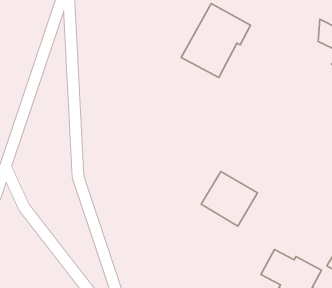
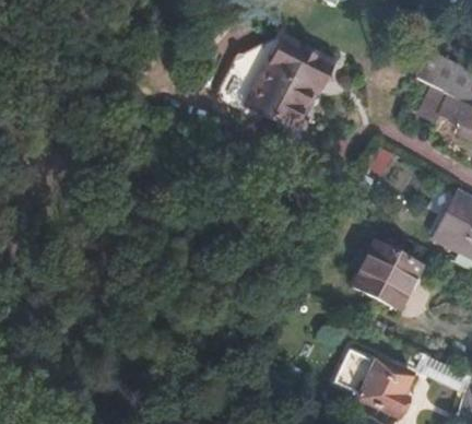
building: [201,171,258,226] -> [351,239,423,309]

